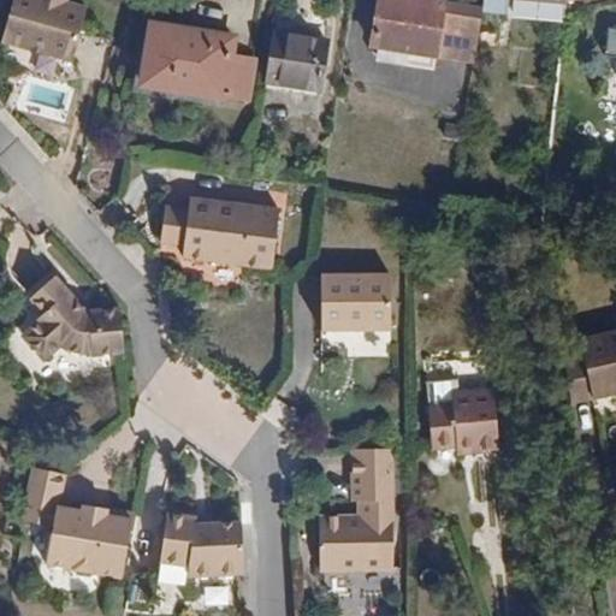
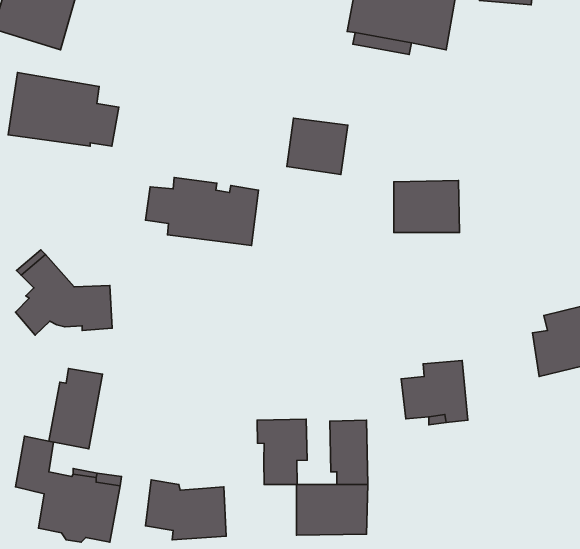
building: [142,22,257,99] -> [8,73,119,146]
building: [266,31,330,90] -> [287,118,348,175]
building: [320,274,389,328] -> [394,181,460,232]
building: none -> [49,369,103,449]
building: none -> [257,419,307,485]

